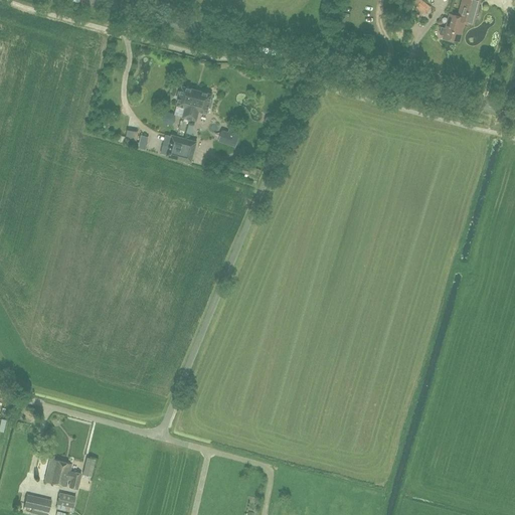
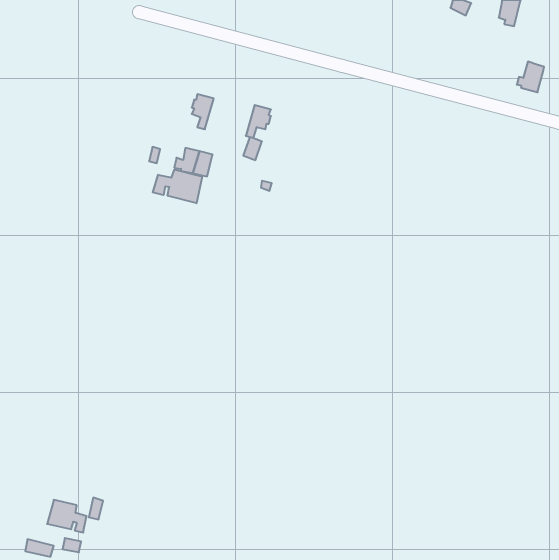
building: [439,13,464,41] -> [517,62,544,92]
building: [188,91,211,121] -> [246,105,271,138]
building: none -> [153,169,202,203]

